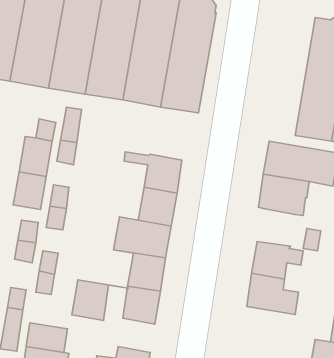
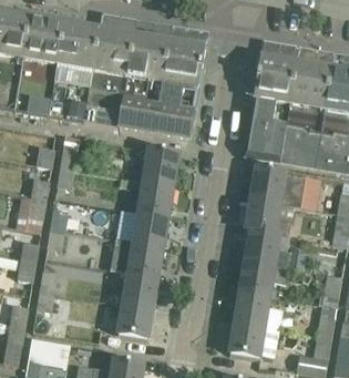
building: none -> [243,41,298,161]
building: none -> [143,149,178,184]
building: none -> [244,229,279,265]
building: [72,280,128,321] -> none
building: none -> [228,321,285,358]

